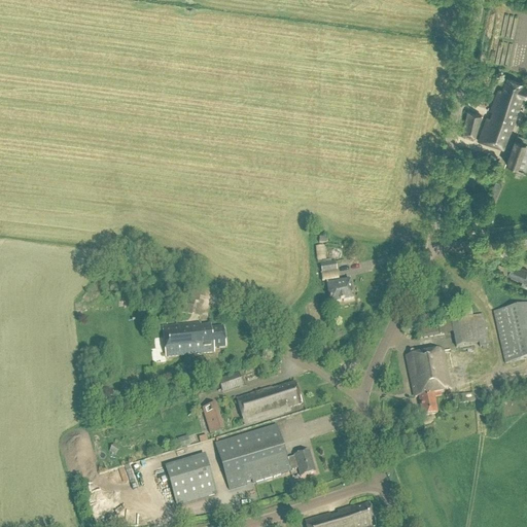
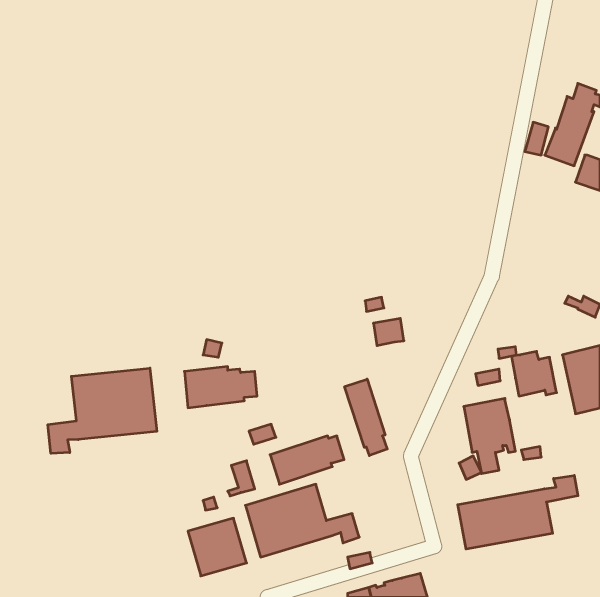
building: none -> [48,368,157,453]
building: none -> [345,379,387,456]
building: none -> [458,475,578,549]

